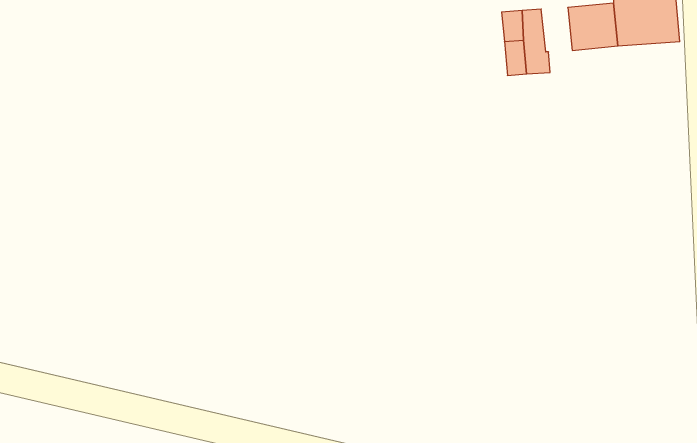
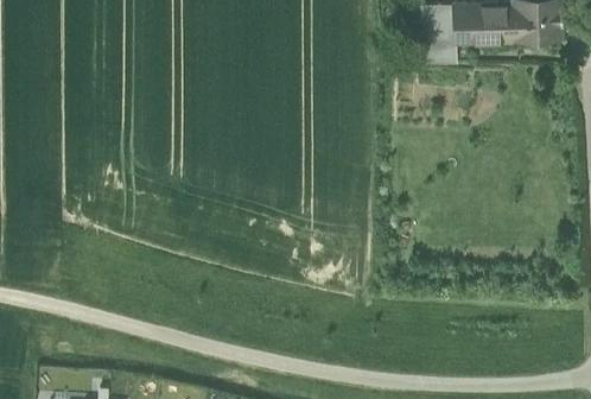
building: none -> [455,8,479,44]

